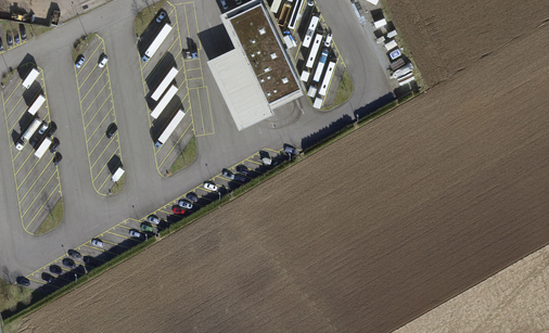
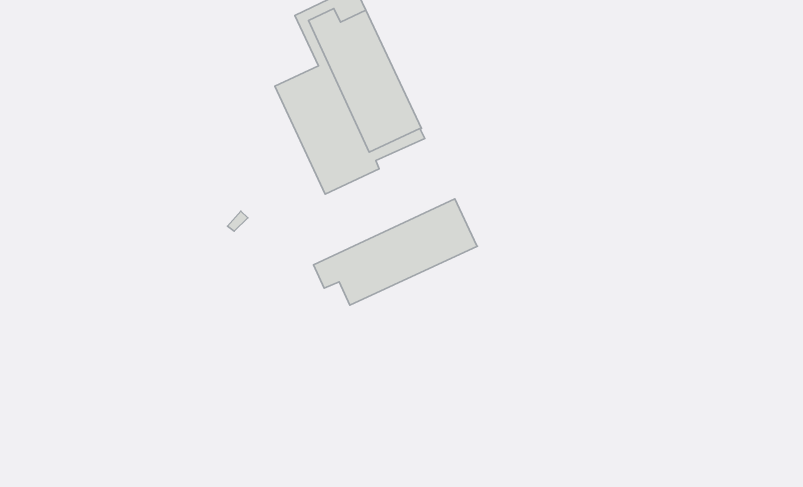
building: none -> [313,199,478,305]

